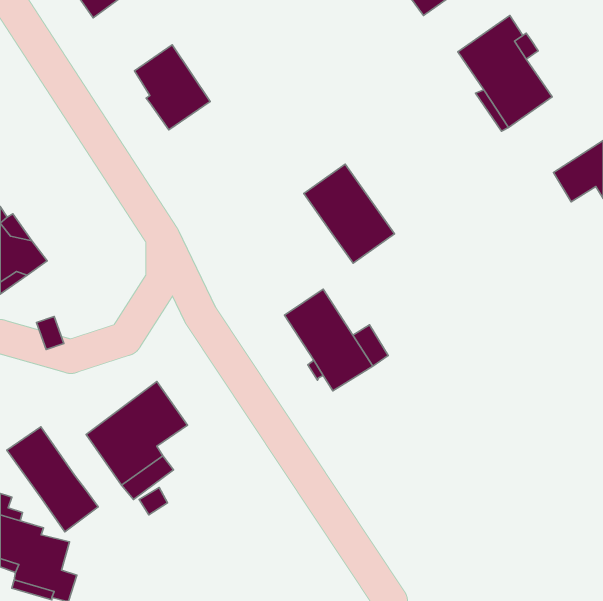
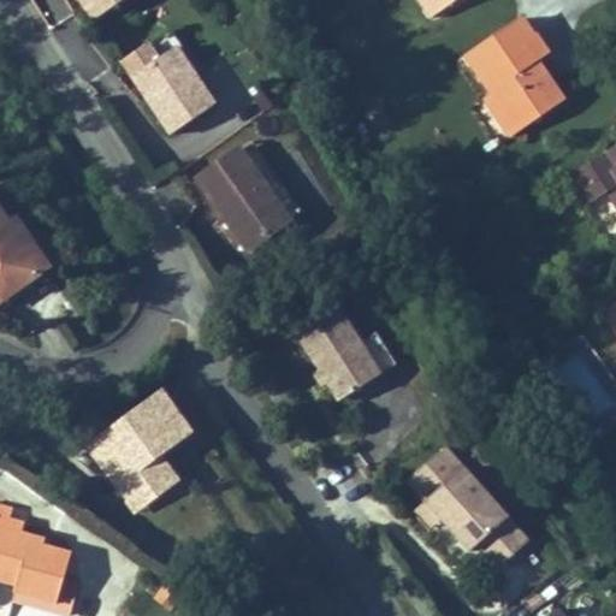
building: none -> [123,28,180,100]
building: [304,164,395,263] -> [197,147,290,248]
building: [7,427,98,532] -> none
building: none -> [408,445,527,565]

